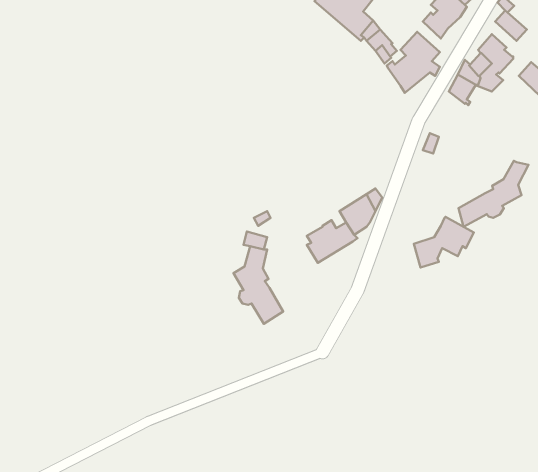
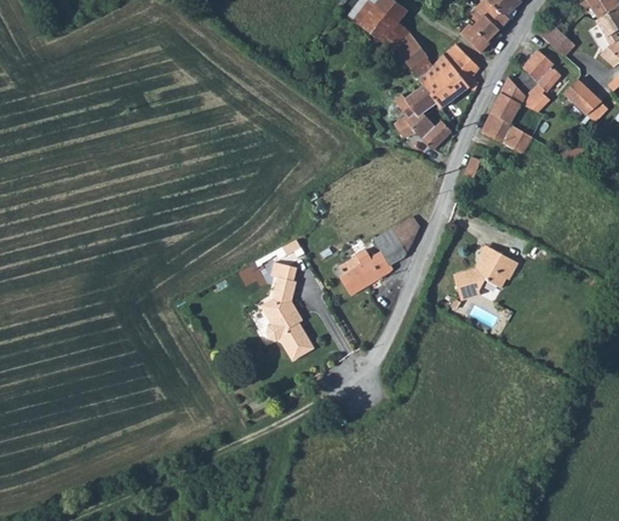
building: none -> [394,85,453,151]
building: none -> [478,110,529,151]
building: [459,161,528,227] -> none

